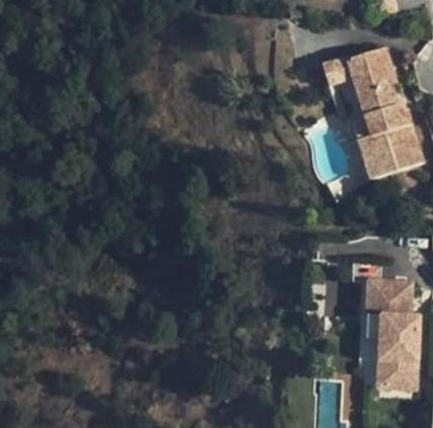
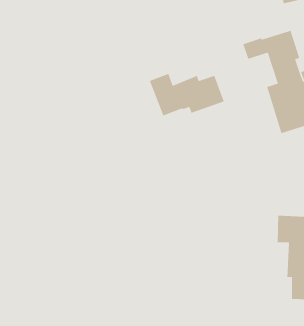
building: none -> [149,73,225,117]

